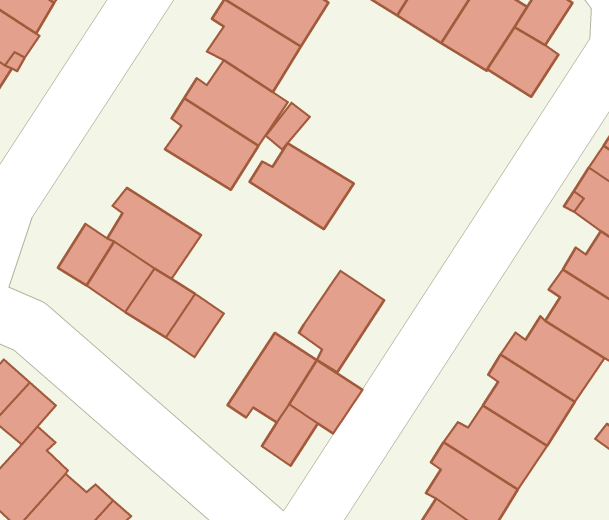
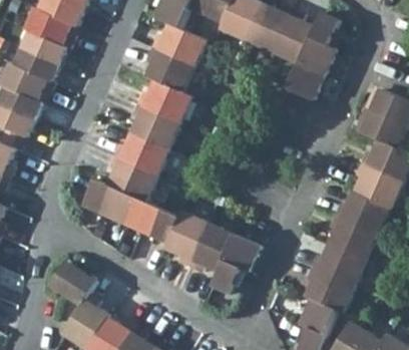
building: none -> [288,63,325,100]
building: [250,143,354,229] -> [115,134,171,178]
building: [299,271,384,373] -> [164,212,208,267]

